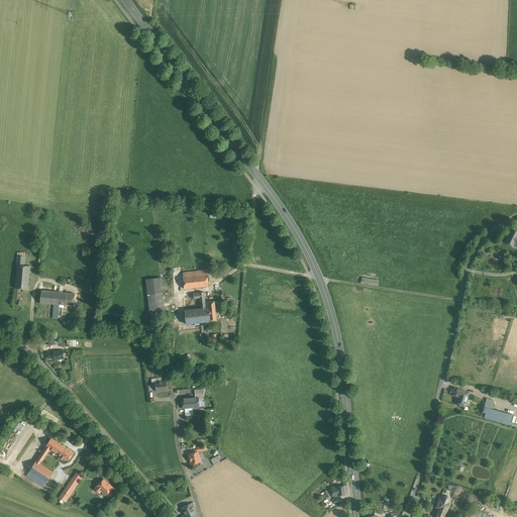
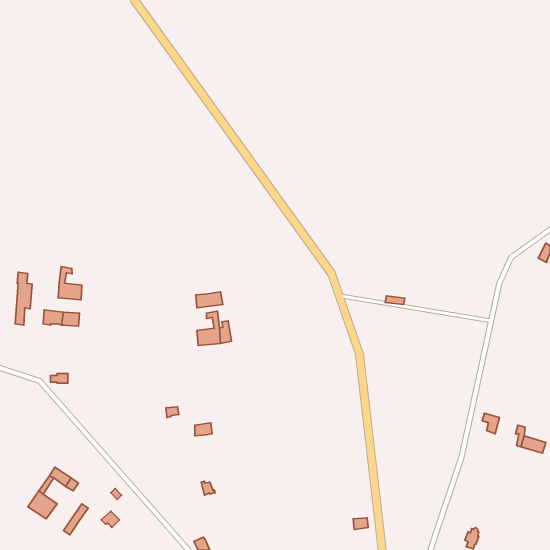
building: none -> [58,267,82,300]
building: [145,278,165,314] -> none

